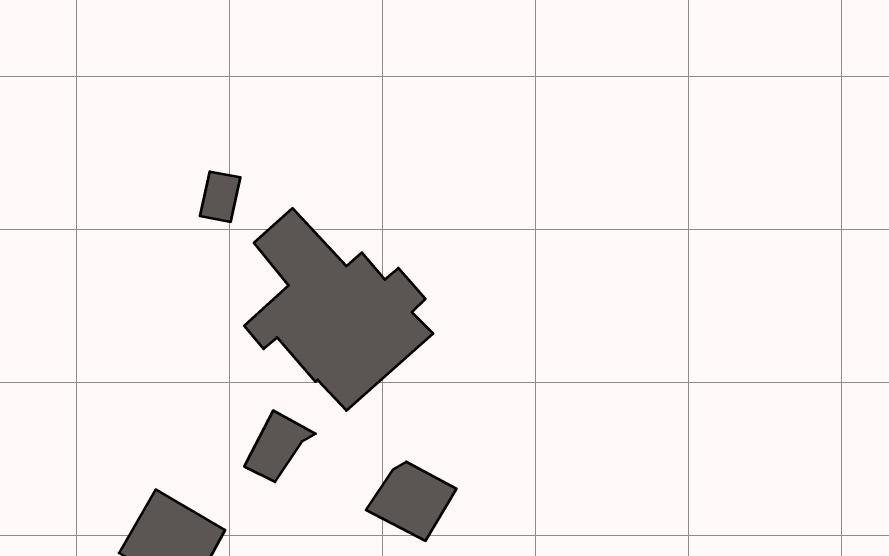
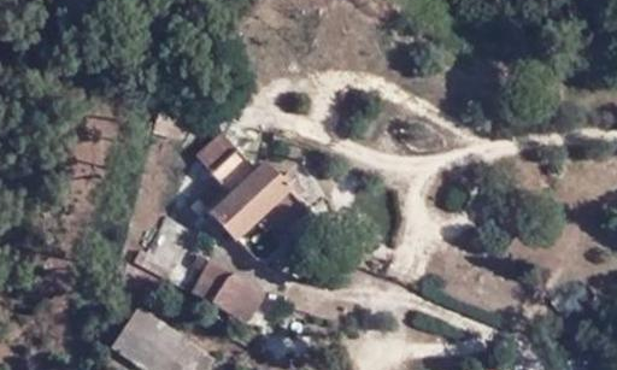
building: [366,462,456,541] -> [211,272,268,322]

